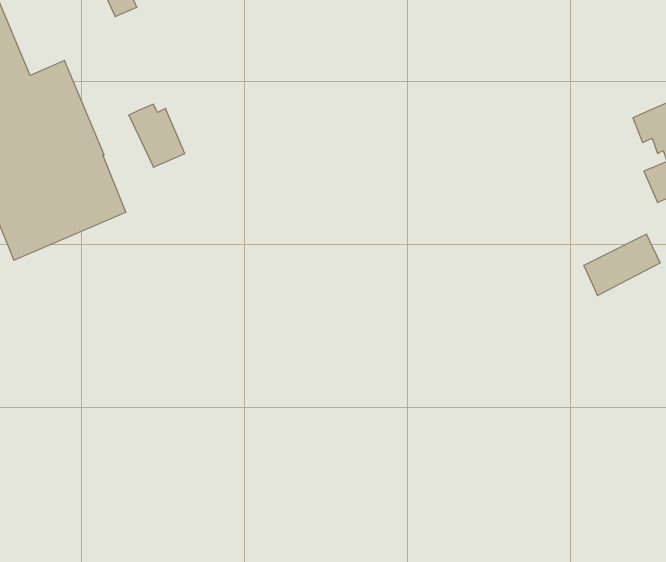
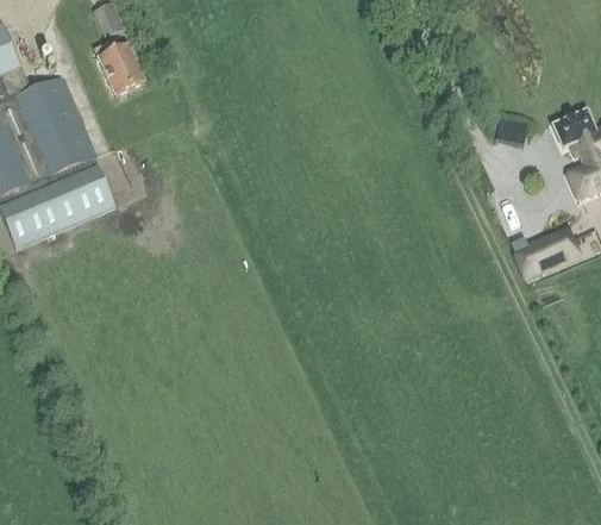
building: [129,104,185,167] -> [95,38,144,93]

